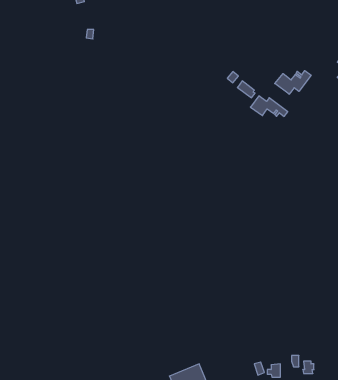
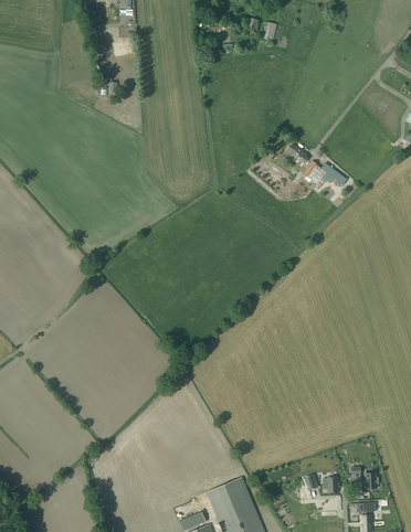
building: [275,71,311,94] -> none

